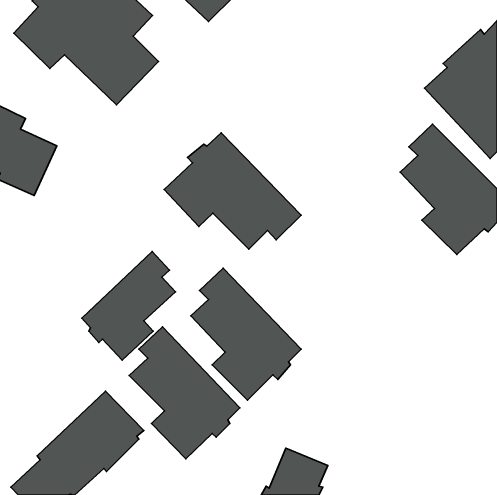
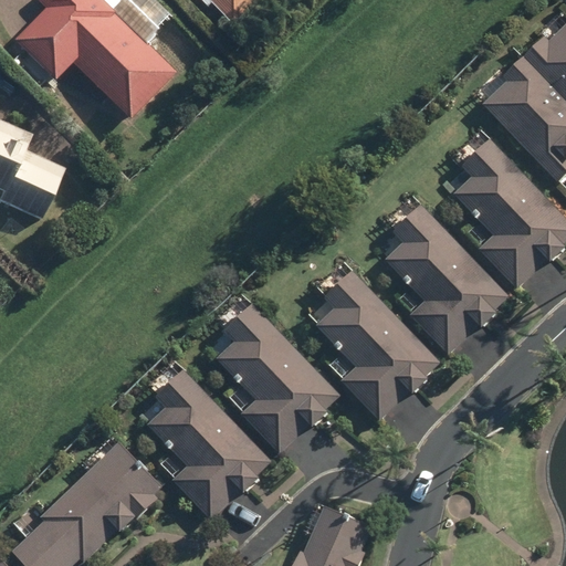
building: [164,133,301,249] -> none
building: none -> [384,205,509,354]
building: none -> [315,271,440,420]
building: [82,251,176,360] -> none

